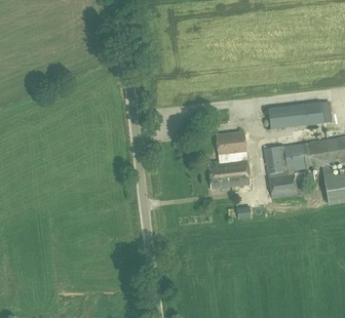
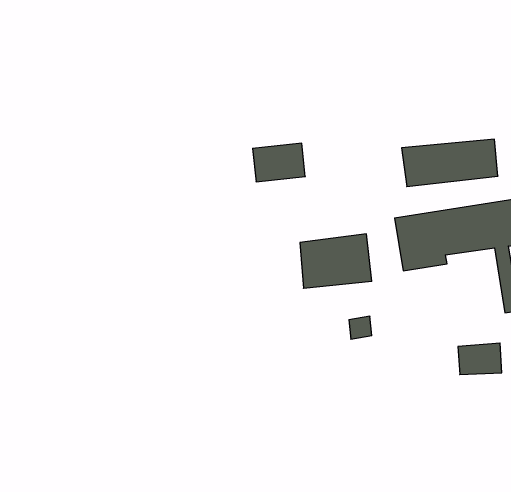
building: [216,131,246,154] -> [253,143,305,182]
building: [272,176,298,195] -> [458,343,502,375]

